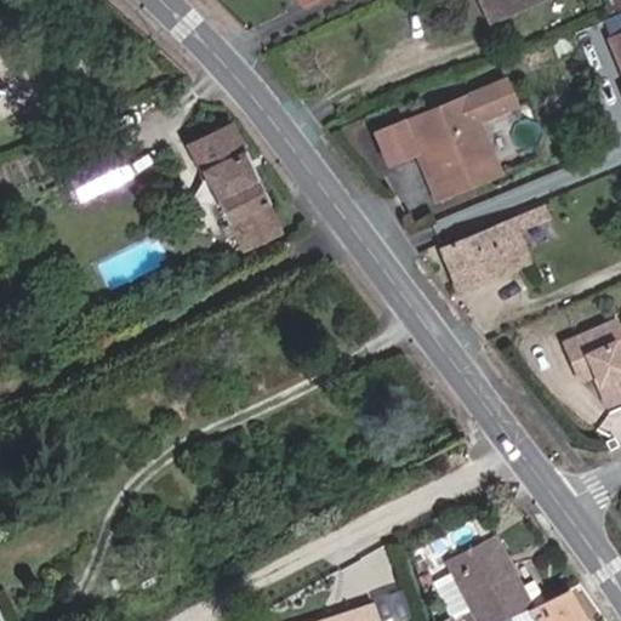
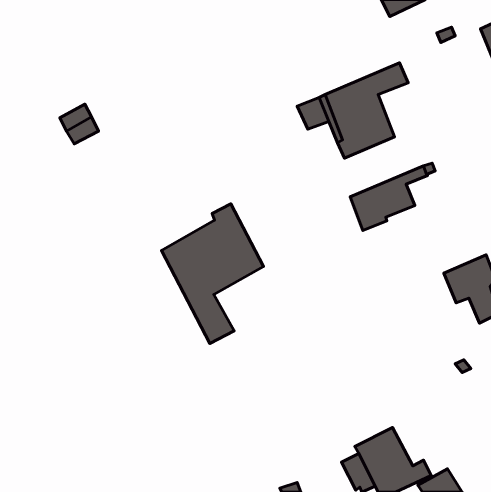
building: [192,125,285,252] -> none
building: none -> [162,204,264,343]

